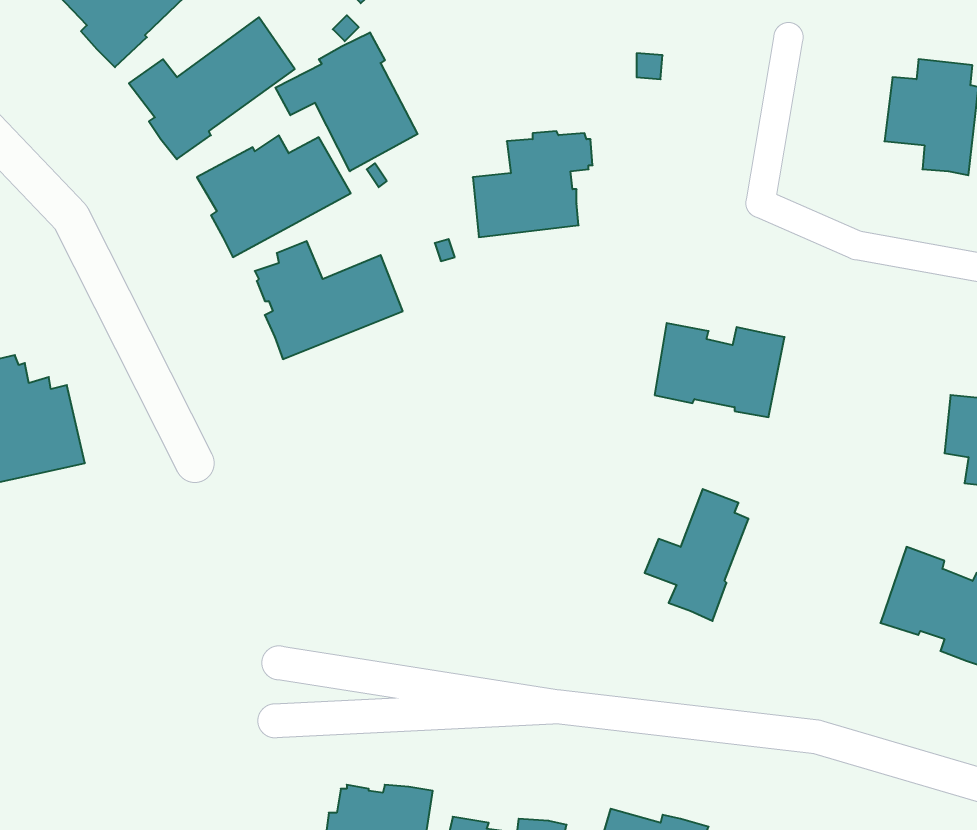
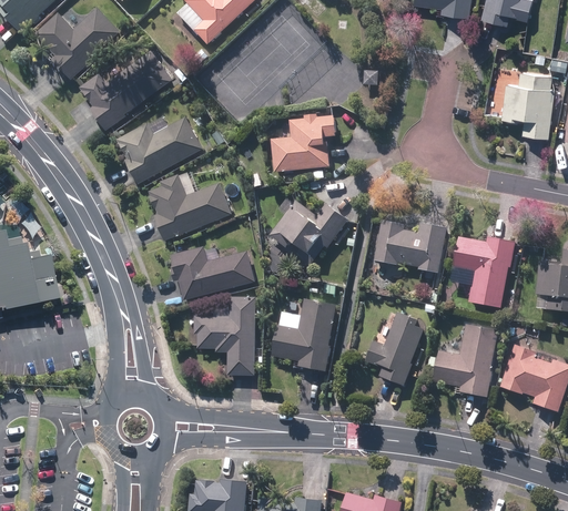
building: [275,32,418,171] -> none
building: none -> [270,201,348,265]
building: none -> [450,237,511,307]
building: none -> [172,247,256,299]
building: none -> [195,297,256,375]
building: none -> [274,299,337,370]
building: none -> [430,325,495,396]

